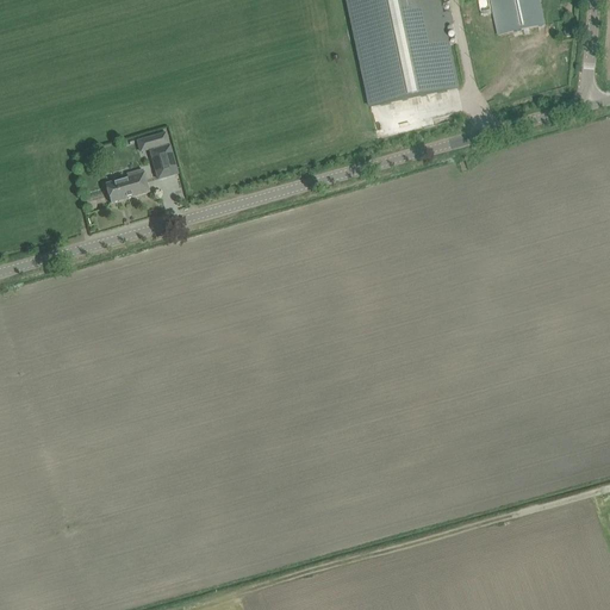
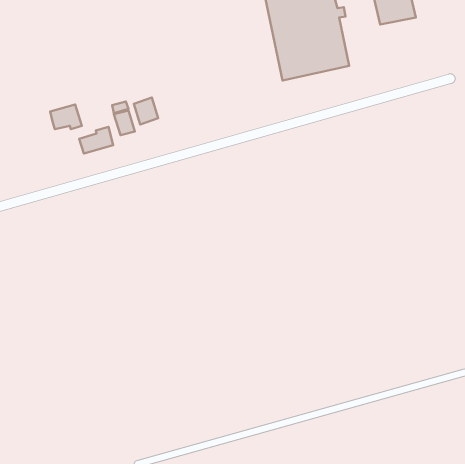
building: none -> [134,98,158,124]
building: none -> [50,105,82,129]

